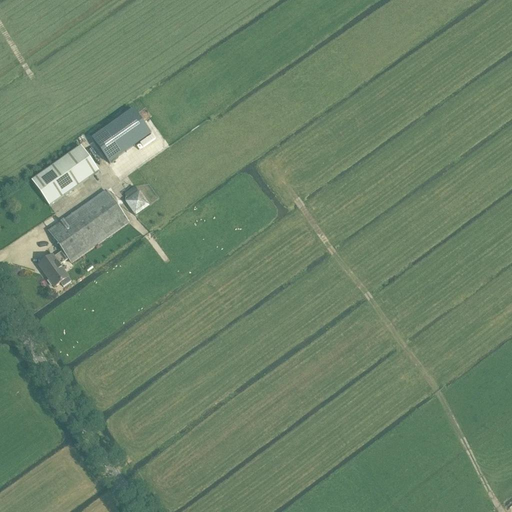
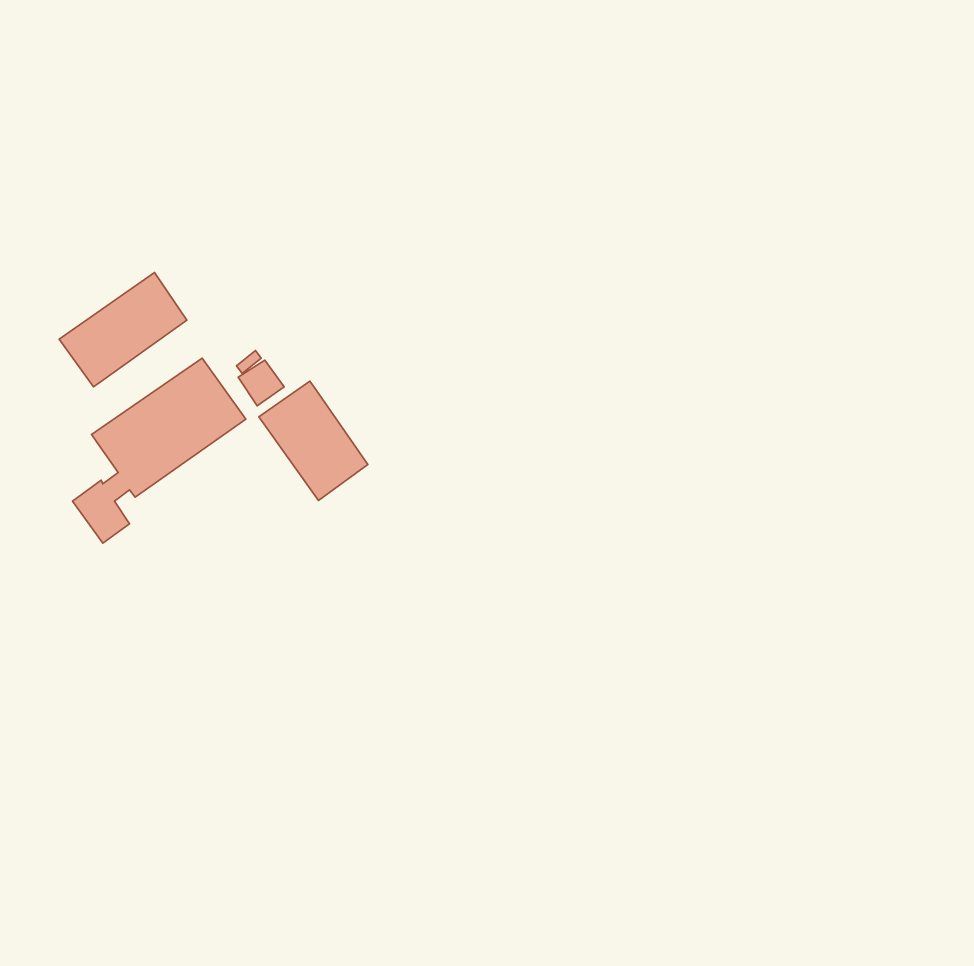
building: [92,106,151,160] -> none
building: none -> [259,381,368,500]

